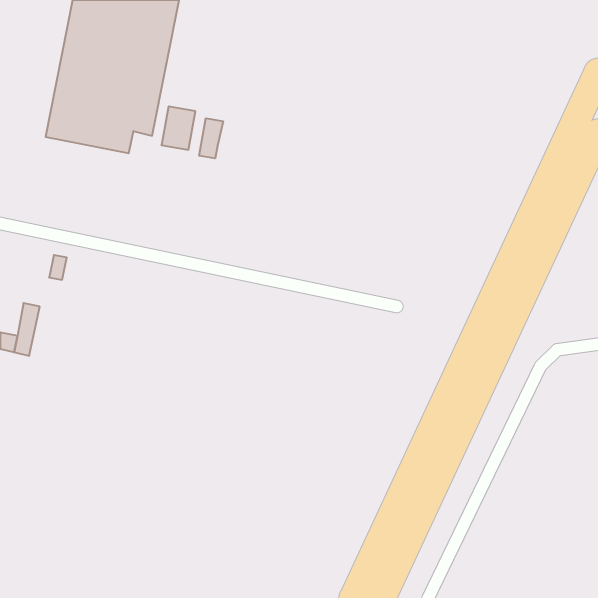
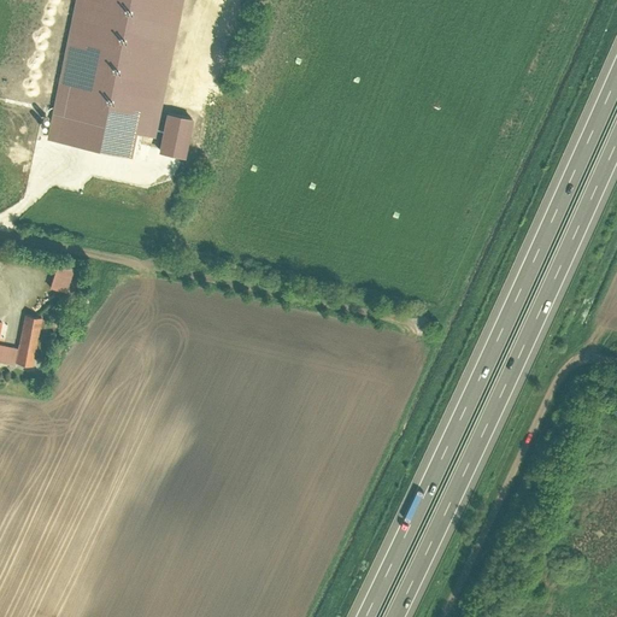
building: [199,118,223,158] -> none

